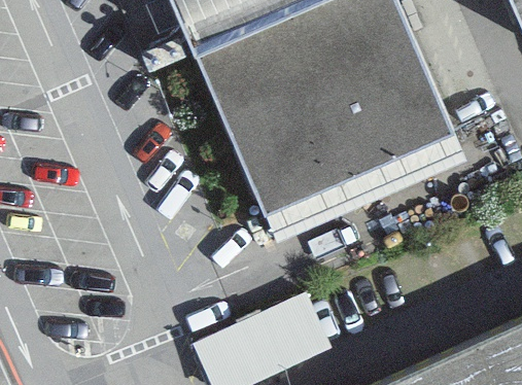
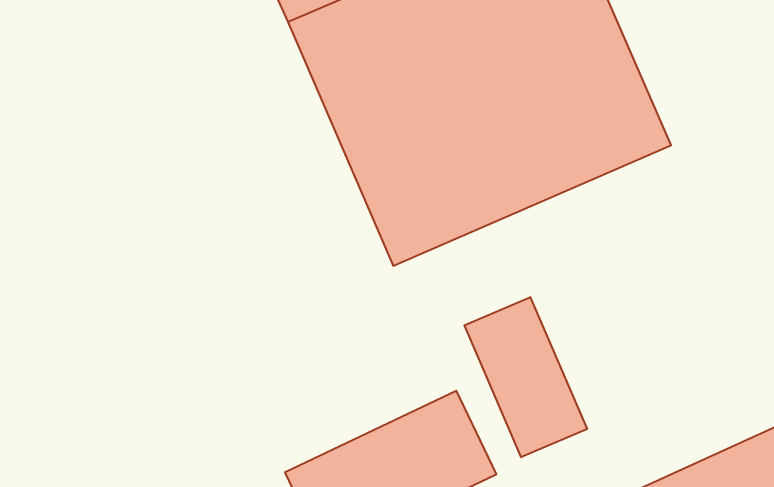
building: none -> [464,297,587,457]

